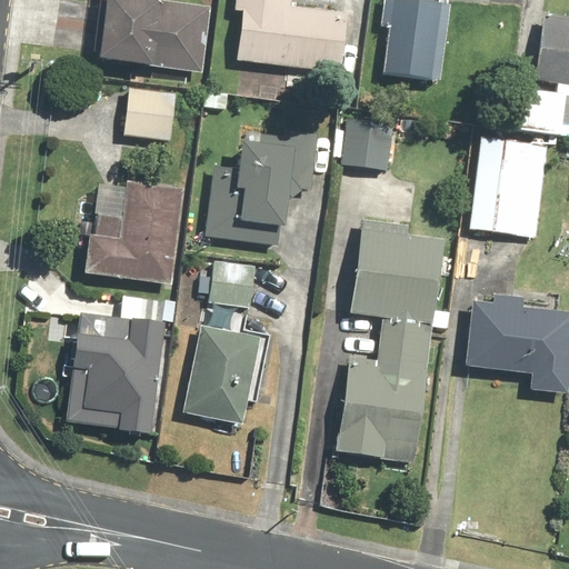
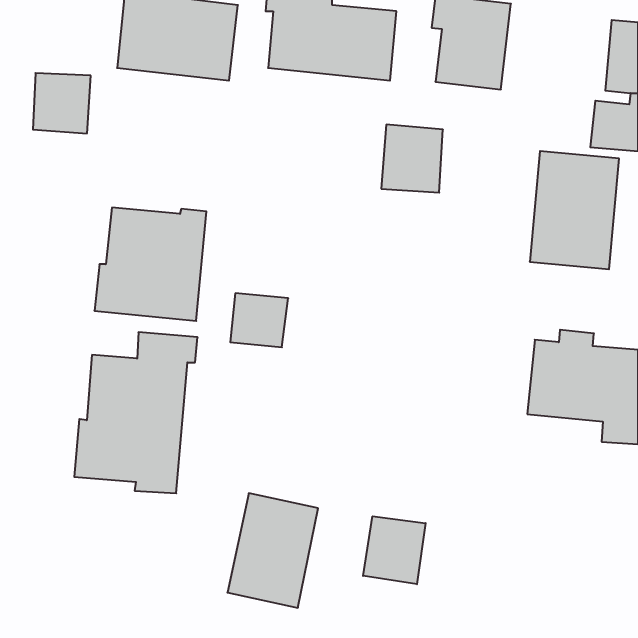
building: [123,86,174,139] -> [33,73,91,133]
building: [208,124,318,243] -> none
building: [337,228,446,461] -> none
building: [182,323,262,425] -> [227,493,318,608]
building: none -> [363,516,426,584]

